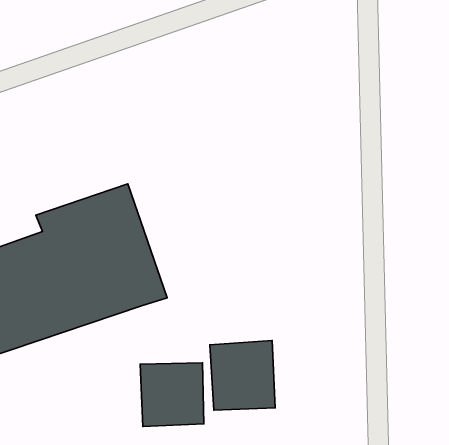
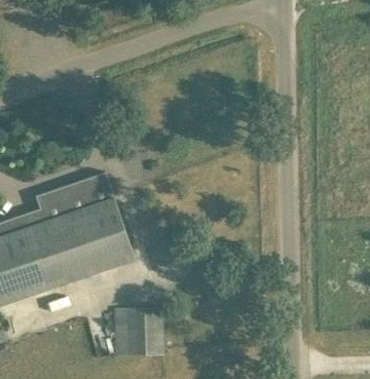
building: [210,341,275,410] -> none

